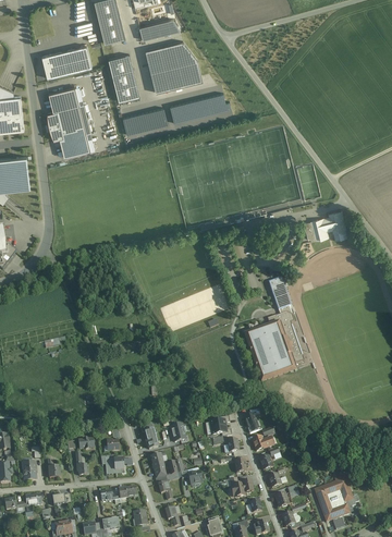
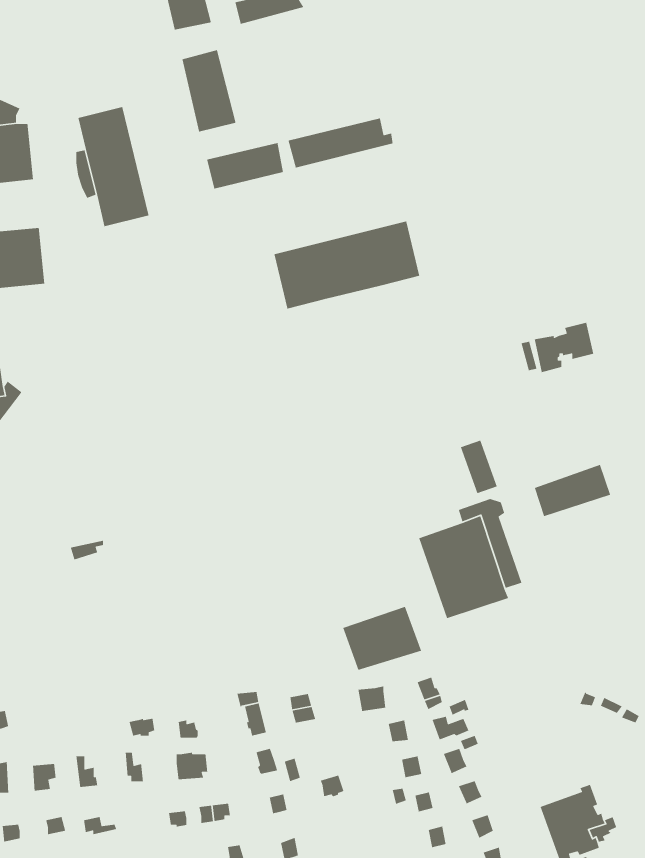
building: [145,41,201,93] -> none
building: [40,46,91,78] -> none
building: none -> [273,221,420,310]
building: none -> [534,464,611,517]
building: none -> [342,606,422,671]

